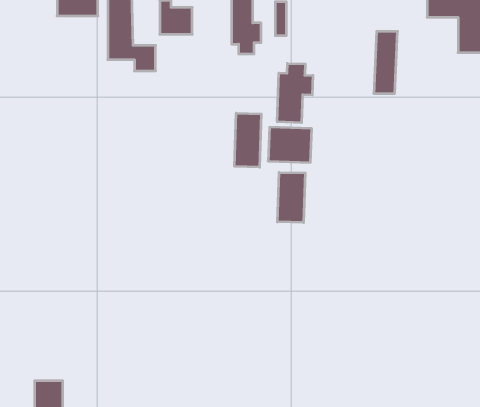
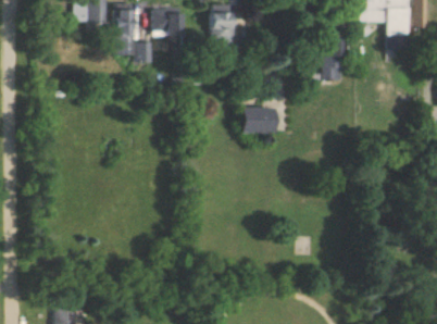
building: [277,63,313,123] -> none
building: [235,113,261,167] -> none
building: [277,172,305,223] -> none

